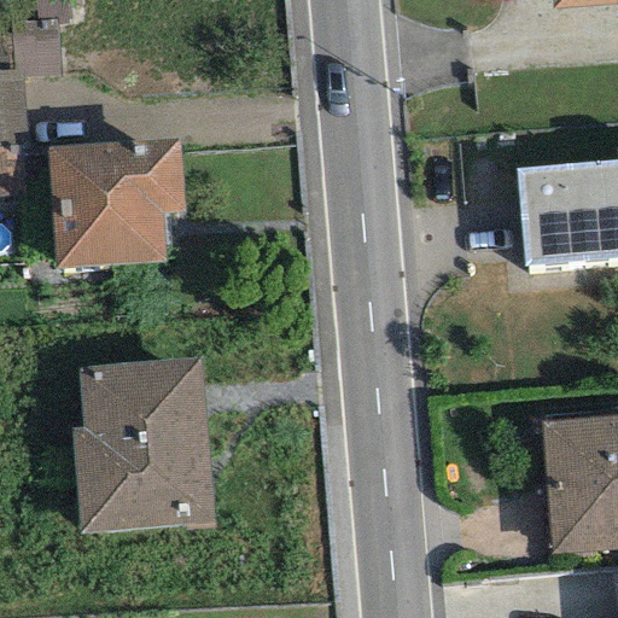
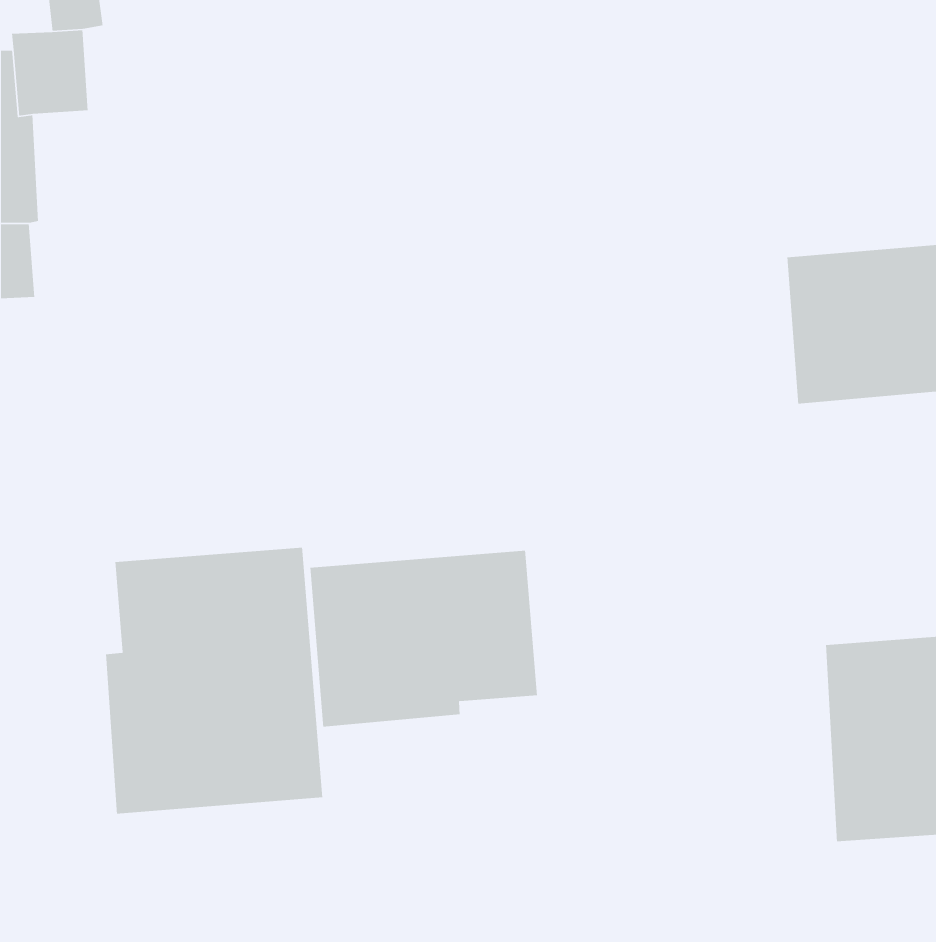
building: [48,138,187,269] -> none
building: none -> [310,550,538,727]

